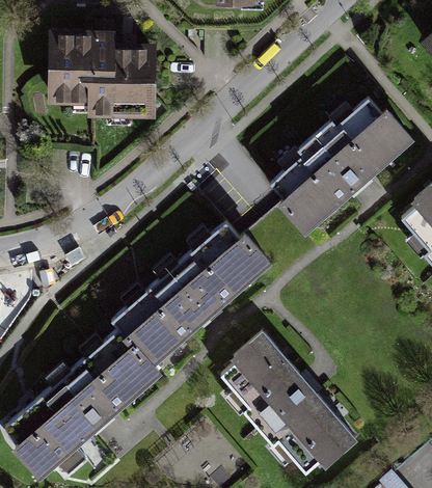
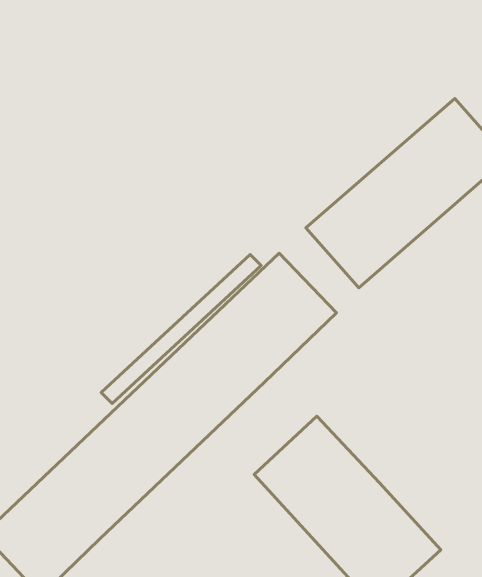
building: [49,30,145,113] -> none

